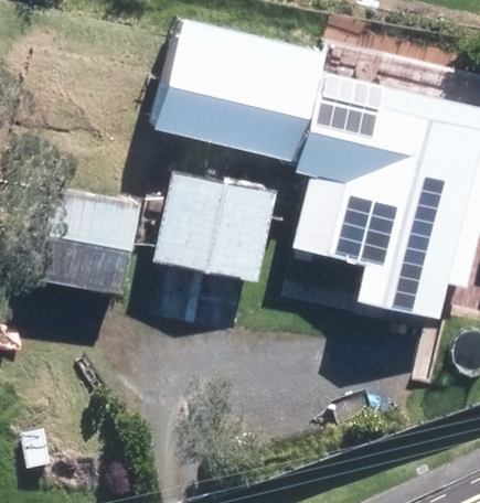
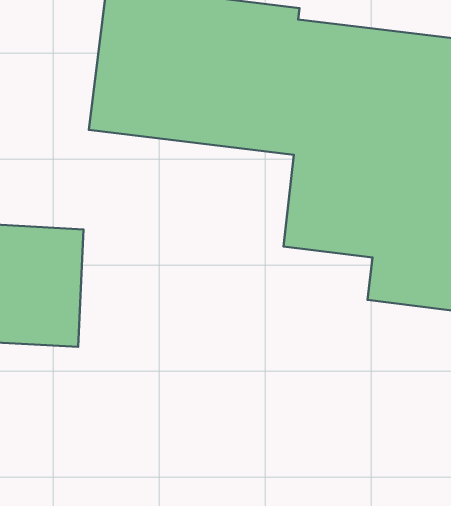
building: [150,167,275,285] -> none

